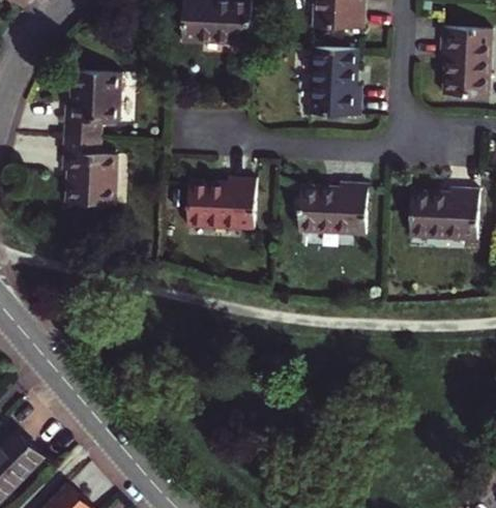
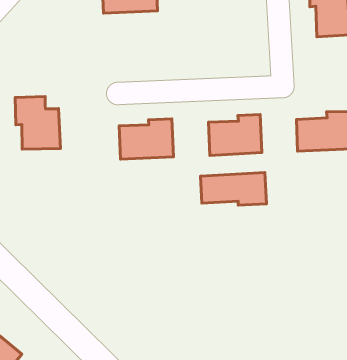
building: [311,48,361,117] -> none
building: [63,70,120,138] -> none
building: none -> [200,173,267,205]

